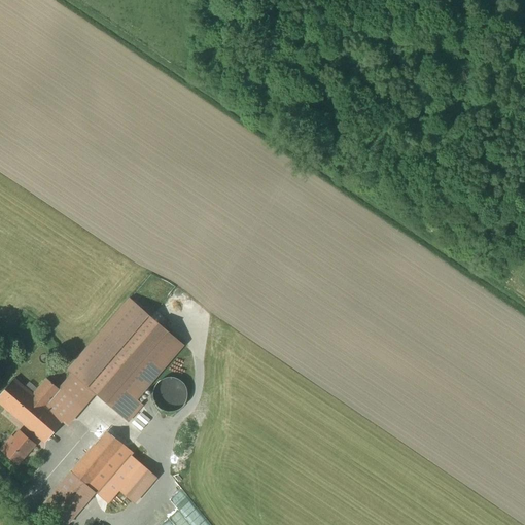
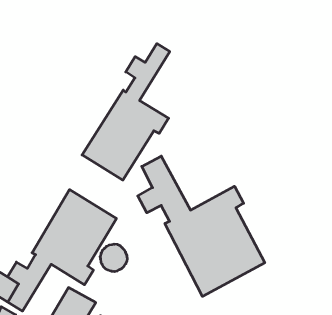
building: none -> [82,44,170,180]
building: none -> [138,156,265,296]

